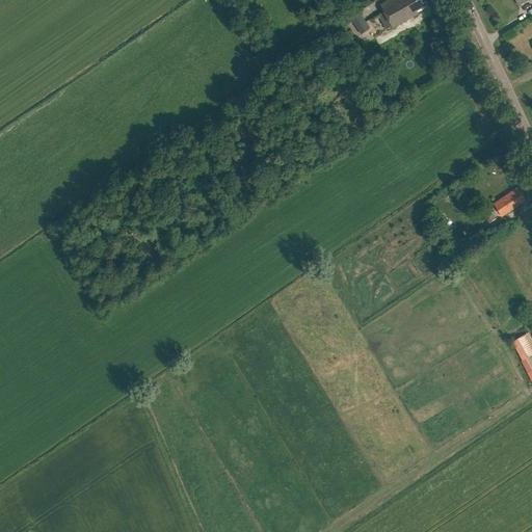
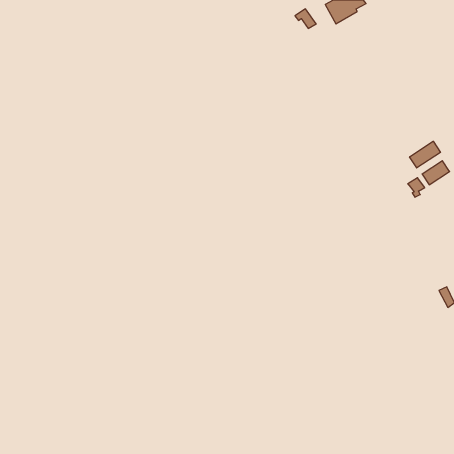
building: none -> [410,141,440,168]

